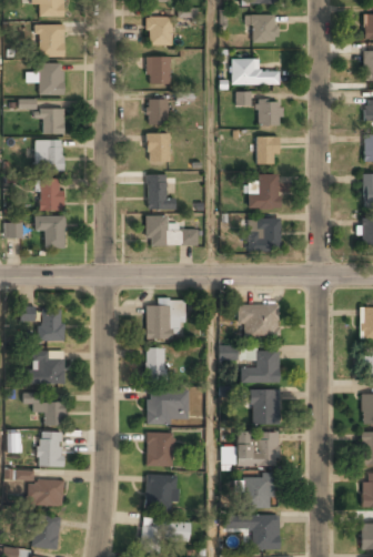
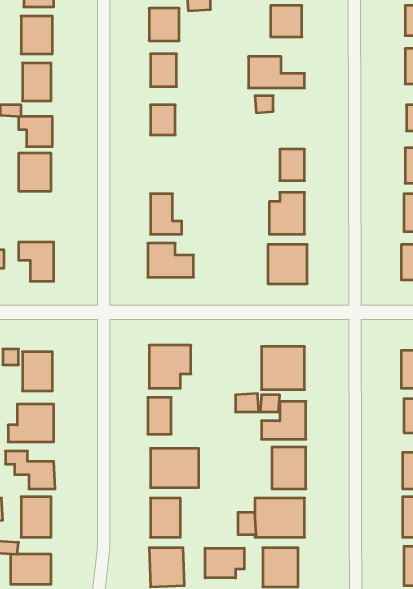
building: [258,101,282,125] -> none
building: [148,133,170,162] -> none
building: [39,179,63,211] -> none
building: none -> [205,548,244,578]

